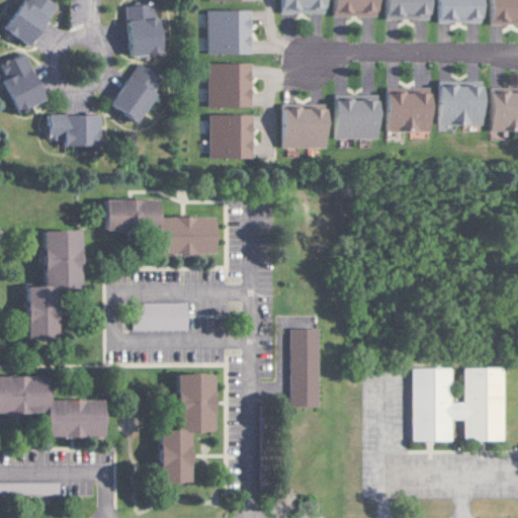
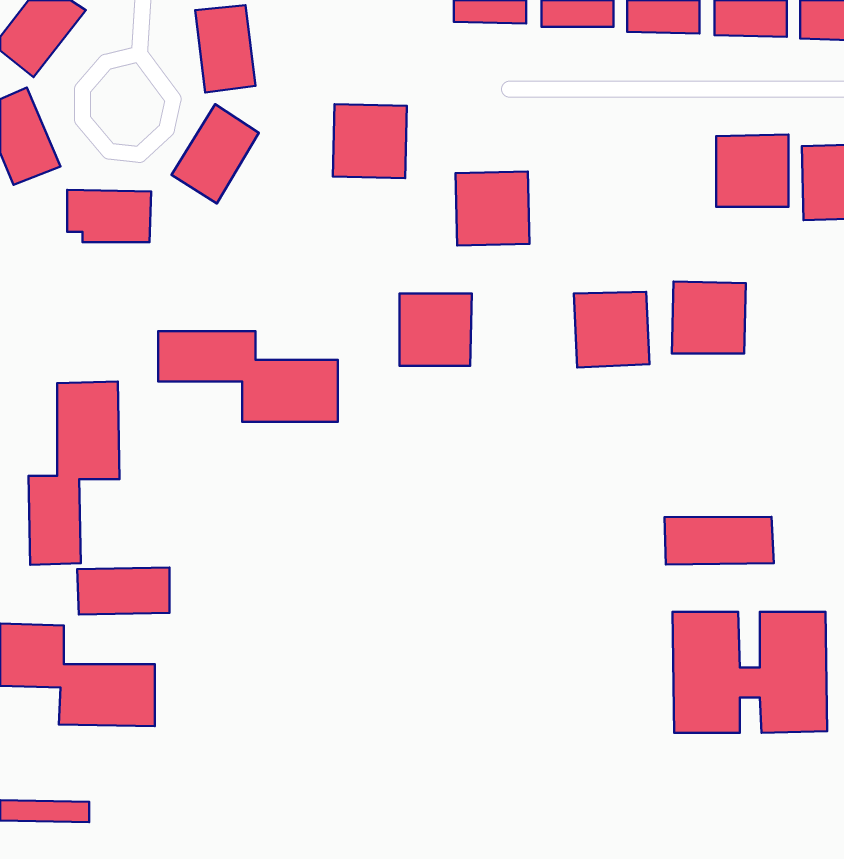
building: [210,10,254,54] -> none
building: [387,87,432,131] -> [672,281,746,354]
building: [335,94,380,140] -> [574,292,650,368]
building: [211,114,255,158] -> [399,293,472,366]
building: [136,303,191,331] -> [77,567,170,614]
building: none -> [665,517,774,565]
building: [292,329,322,407] -> none
building: [159,373,215,484] -> none

